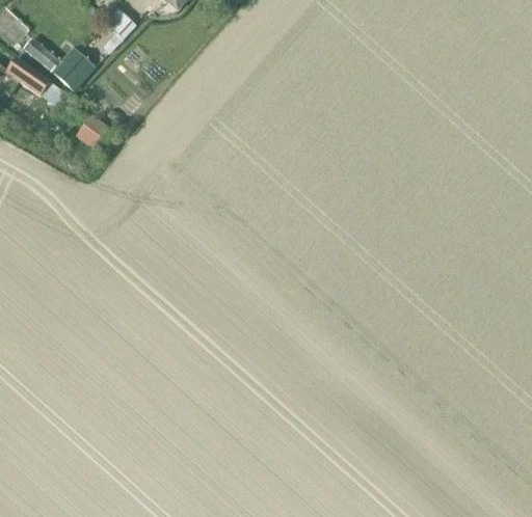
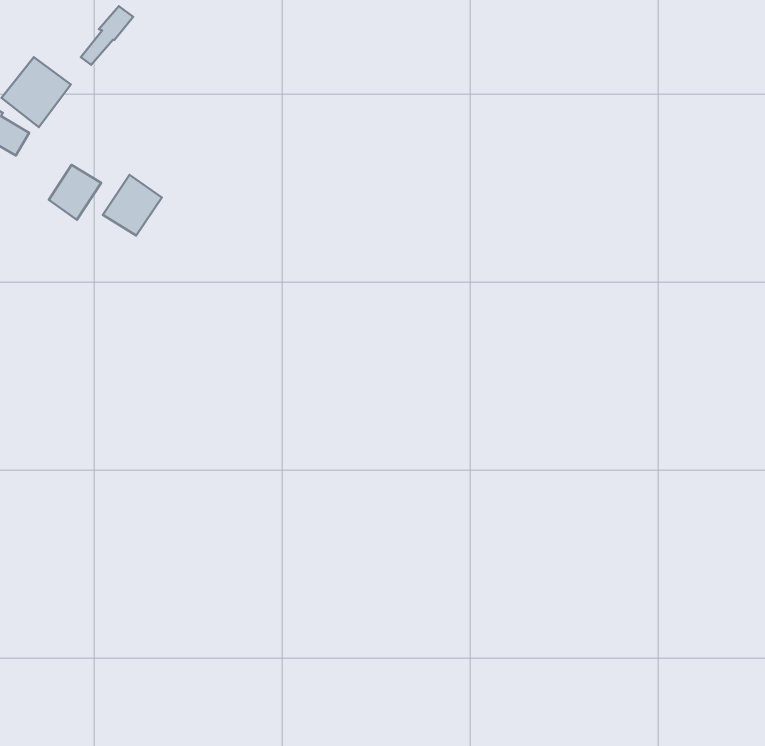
building: none -> [103,175,162,236]

